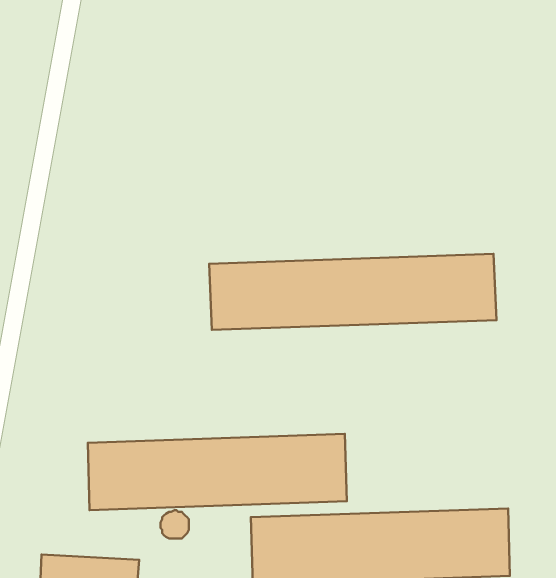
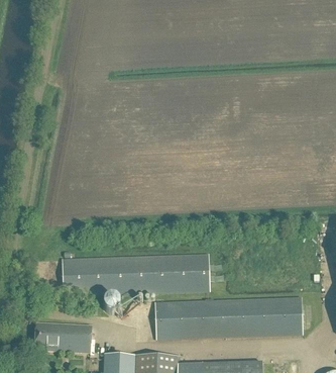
building: [209,254,496,330] -> none

